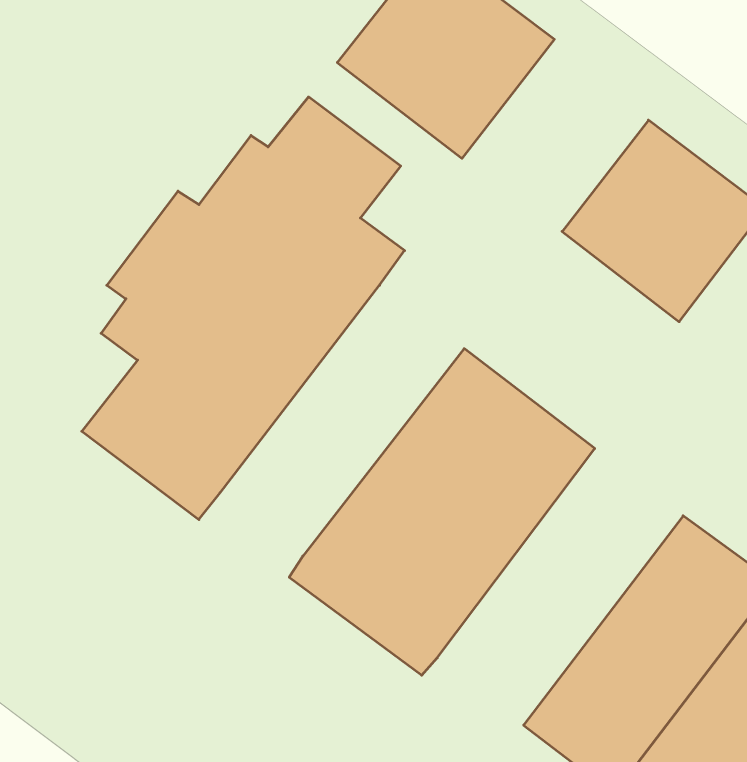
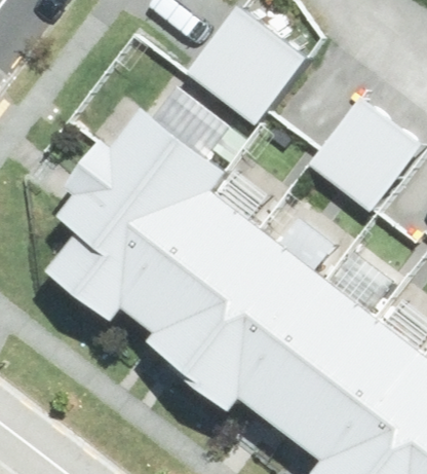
building: none -> [125,192,256,337]
building: none -> [241,280,373,428]

